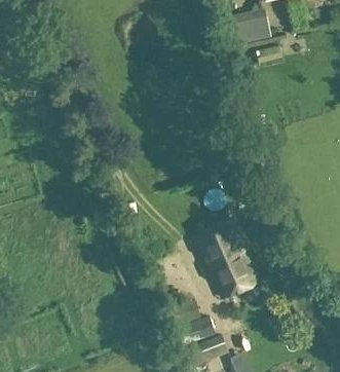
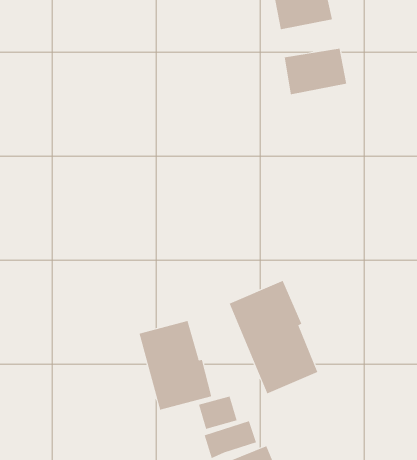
building: none -> [284,48,347,95]
building: none -> [139,320,212,411]

